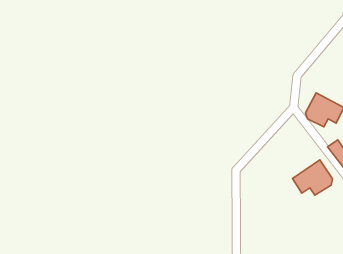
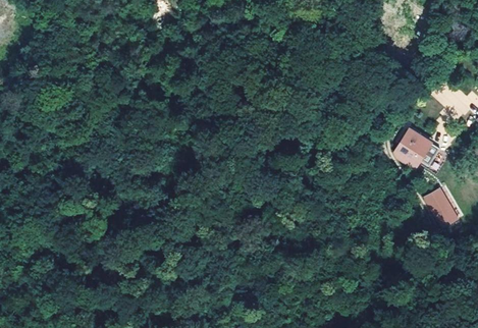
building: [292,160,333,195] -> none

